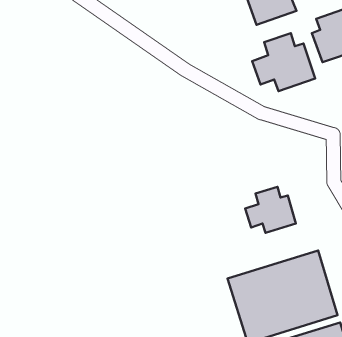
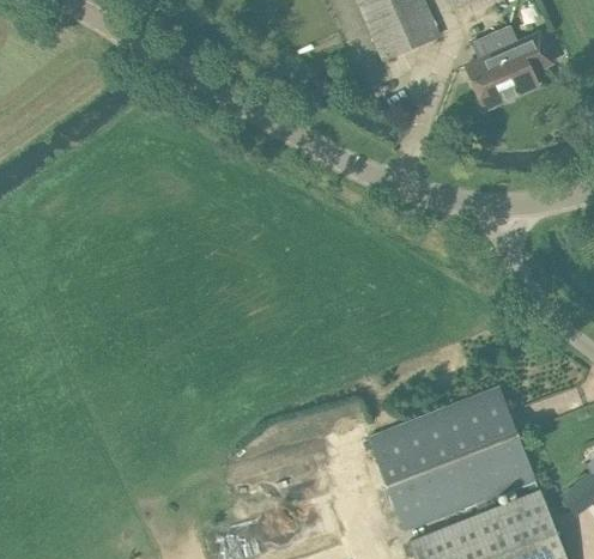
building: [252,33,315,91] -> none
building: [245,187,296,233] -> none

